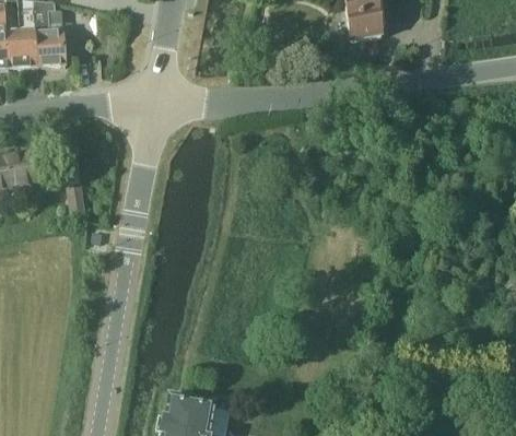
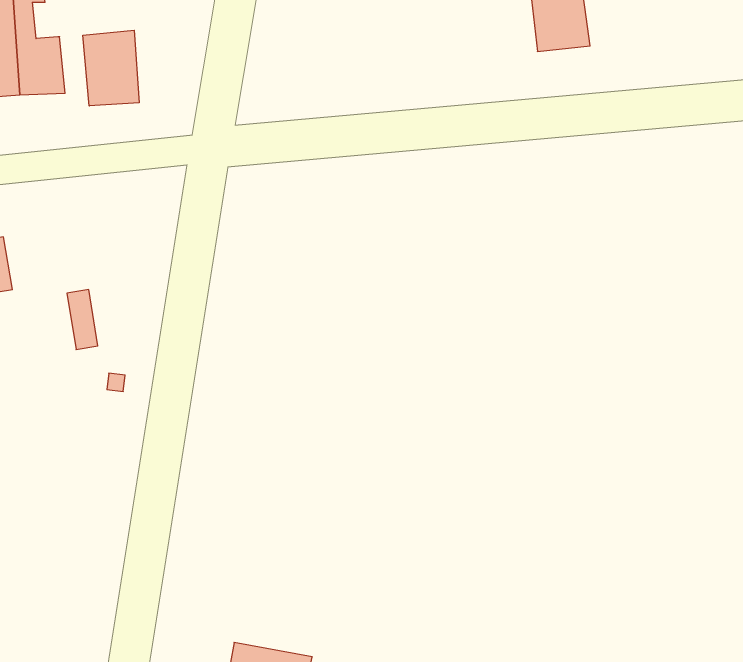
building: none -> [83,30,139,106]

